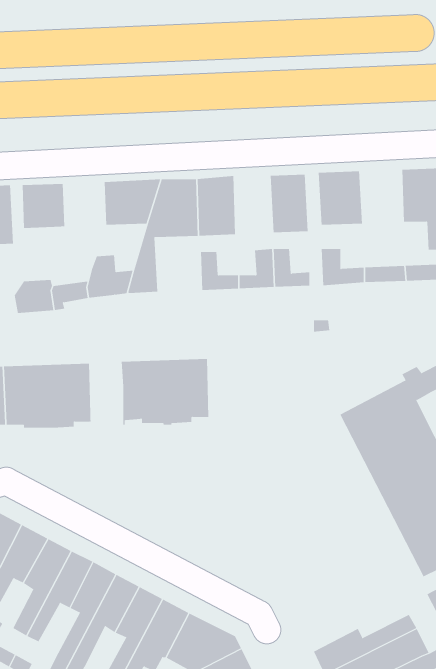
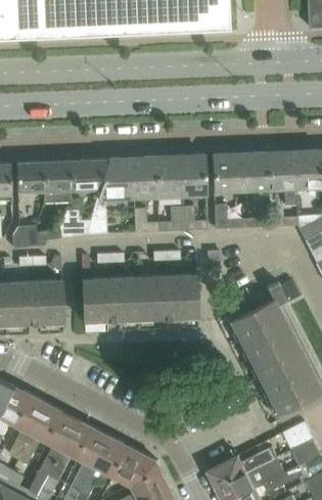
building: none -> [239,152,268,188]
building: none -> [156,156,182,195]
building: none -> [43,161,72,203]
building: none -> [139,274,197,319]

